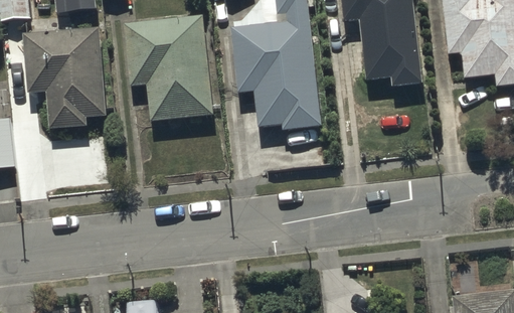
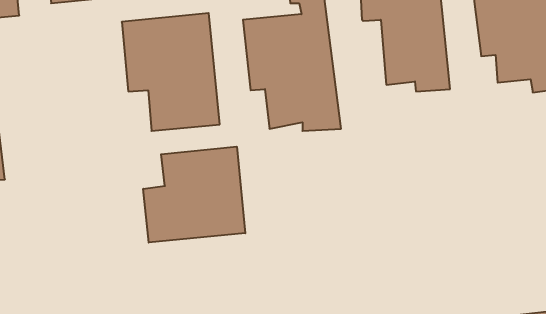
building: [23,29,106,129] -> none
building: none -> [143,147,245,243]

